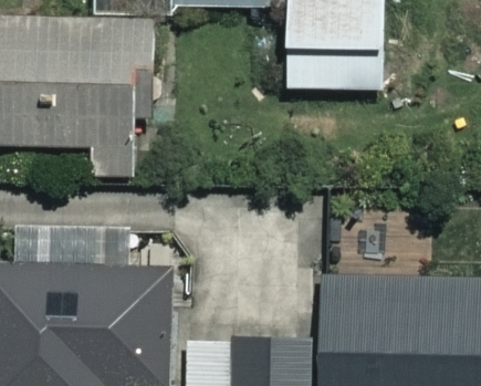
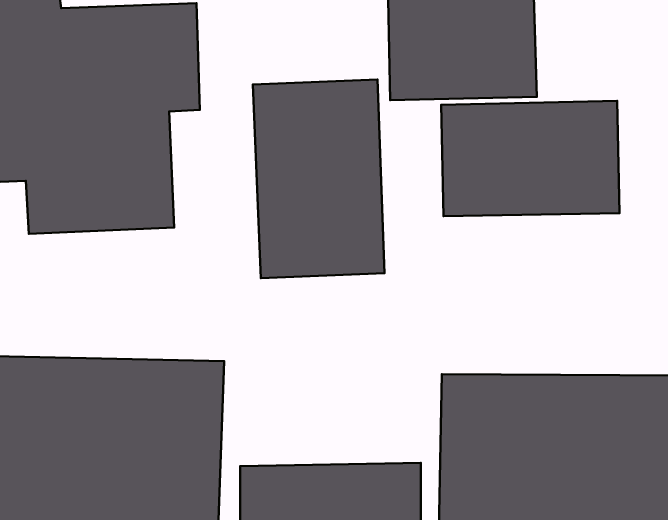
building: none -> [253,80,384,278]
building: none -> [441,101,620,216]

